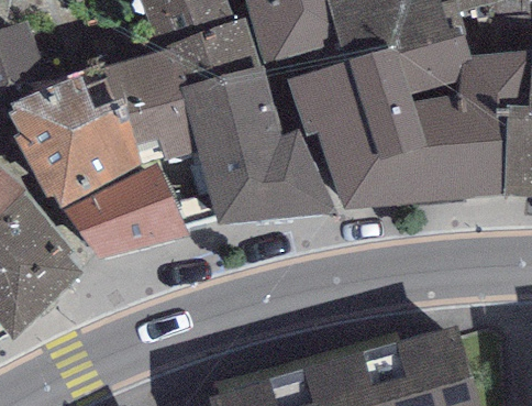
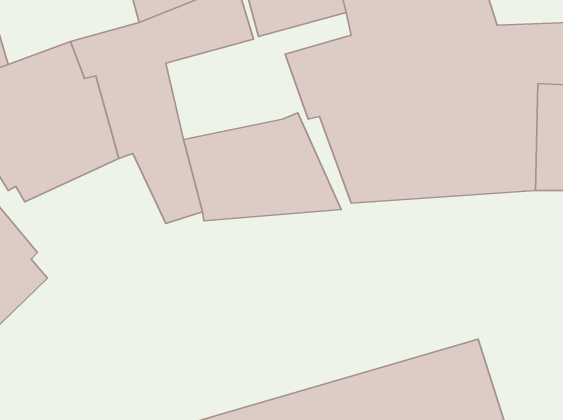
building: [182,65,284,153] -> none
building: [60,165,186,259] -> none

